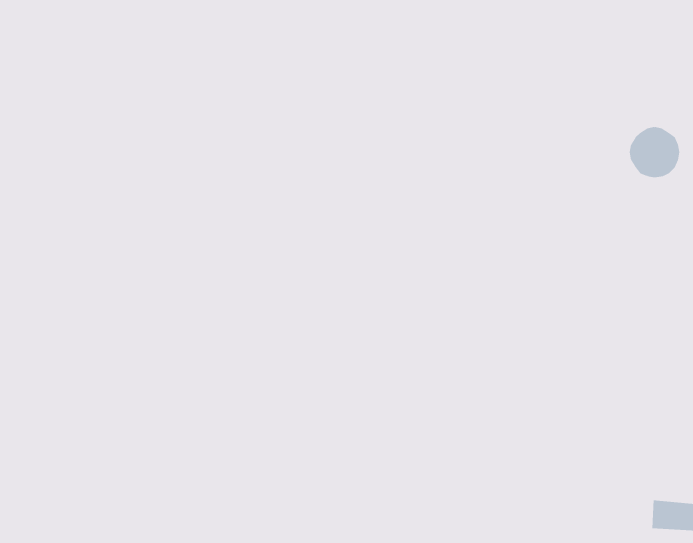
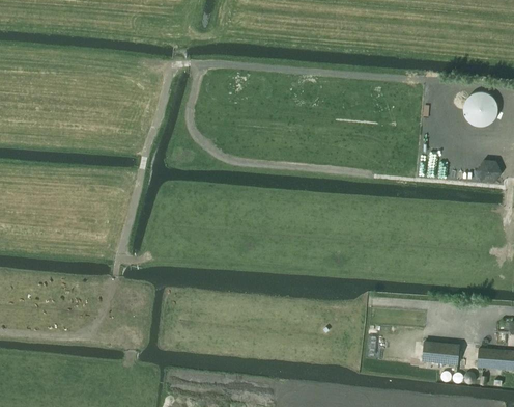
building: none -> [422,342,459,364]

